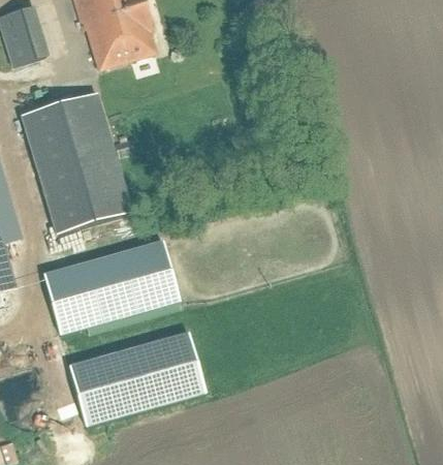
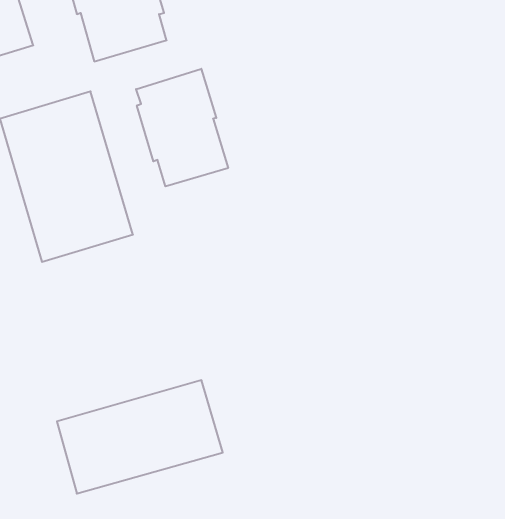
building: none -> [136,69,228,186]
building: [42,240,180,334] -> none

